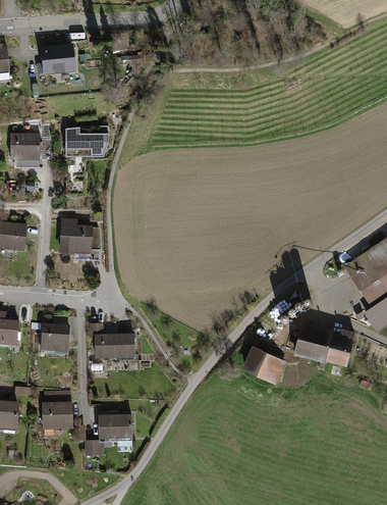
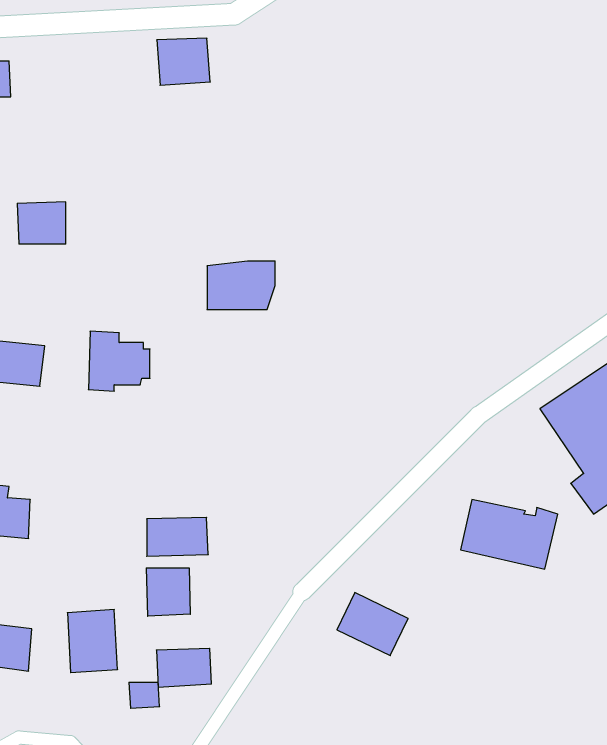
building: [40,45,73,74] -> [157,38,210,85]
building: [64,125,107,156] -> [207,261,275,310]
building: [40,323,67,352] -> none
building: [240,345,285,385] -> [337,593,408,656]
building: none -> [146,568,190,616]

